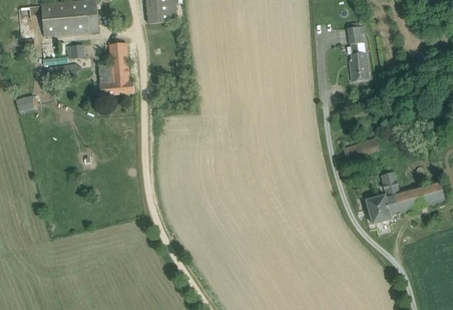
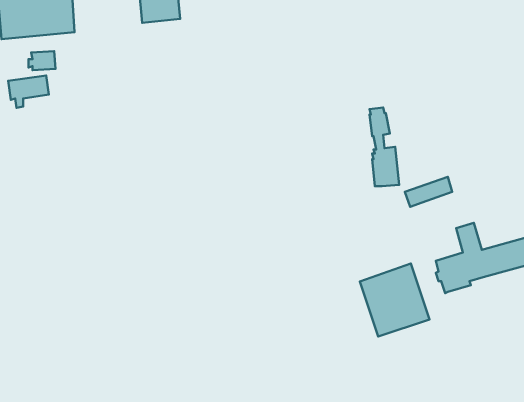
building: [347,22,369,80] -> [369,108,399,186]
building: [98,42,134,94] -> none
building: none -> [360,263,430,337]

